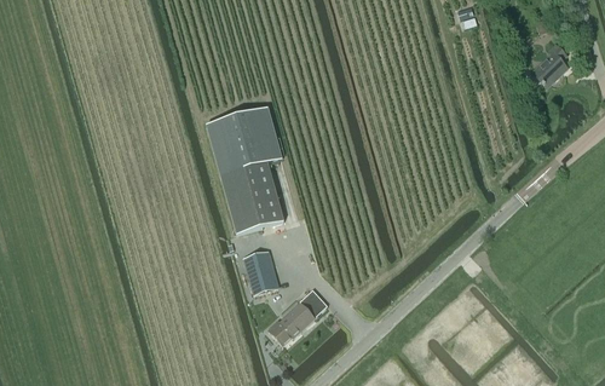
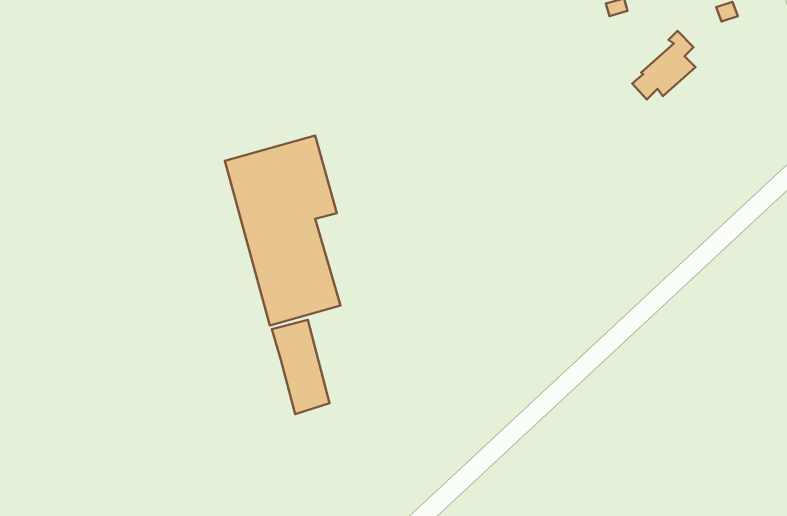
building: [525,42,567,88] -> [632,31,695,100]
building: [269,288,327,344] -> none

